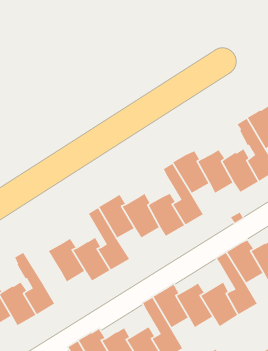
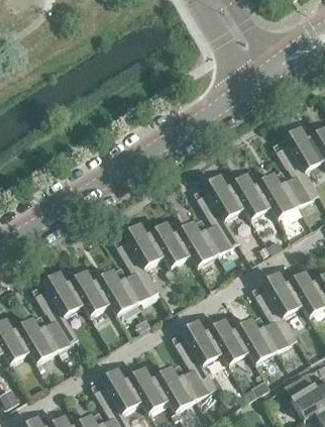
building: none -> [41,269,83,317]

